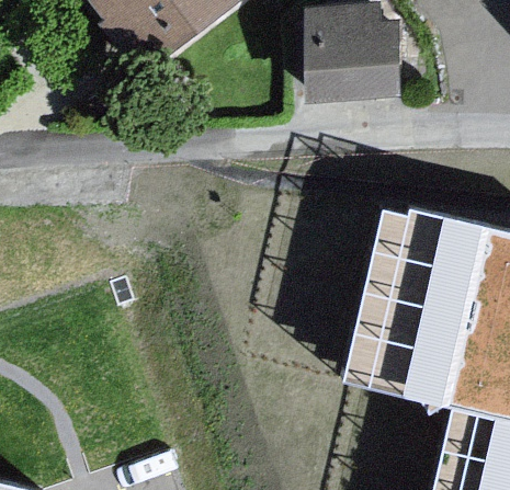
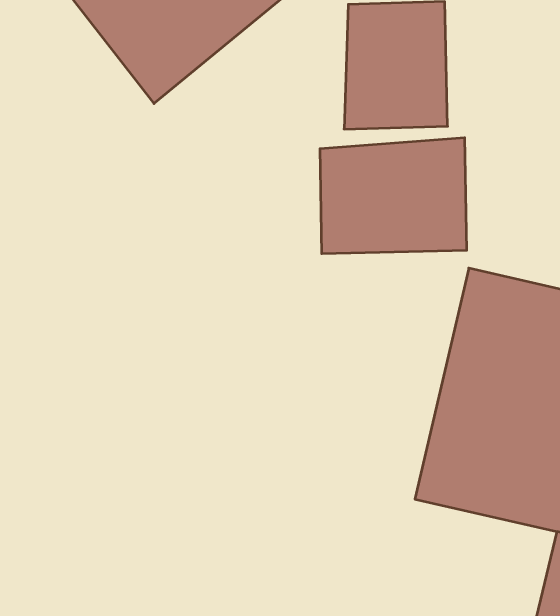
building: none -> [320,138,467,254]

